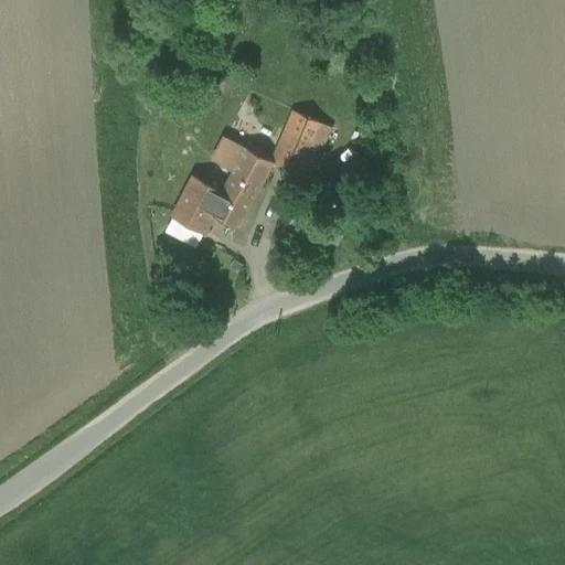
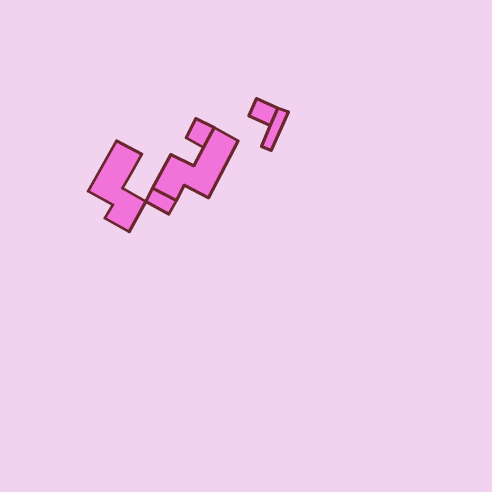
building: [274,132,309,168] -> none
building: none -> [88,141,146,232]

